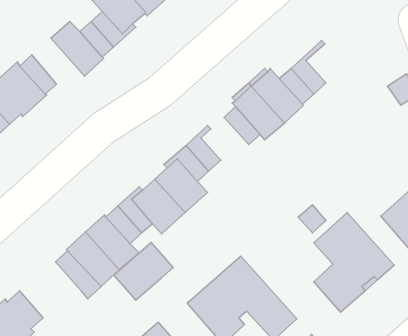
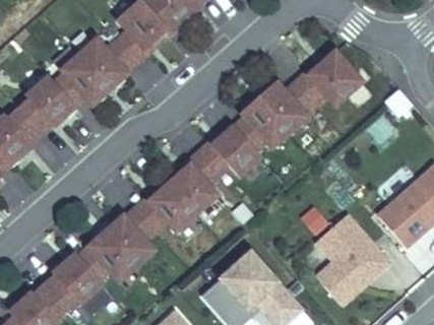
building: none -> [309,51,361,104]
building: none -> [60,54,108,104]
building: none -> [213,126,262,175]
building: [114,242,173,300] -> none
building: none -> [49,253,105,308]

